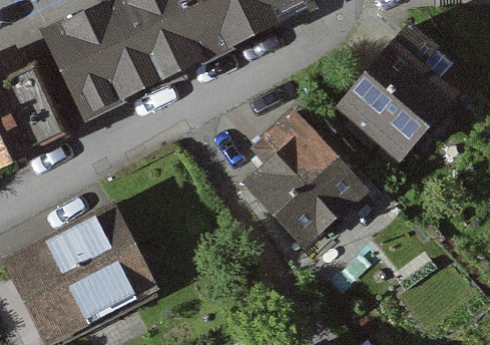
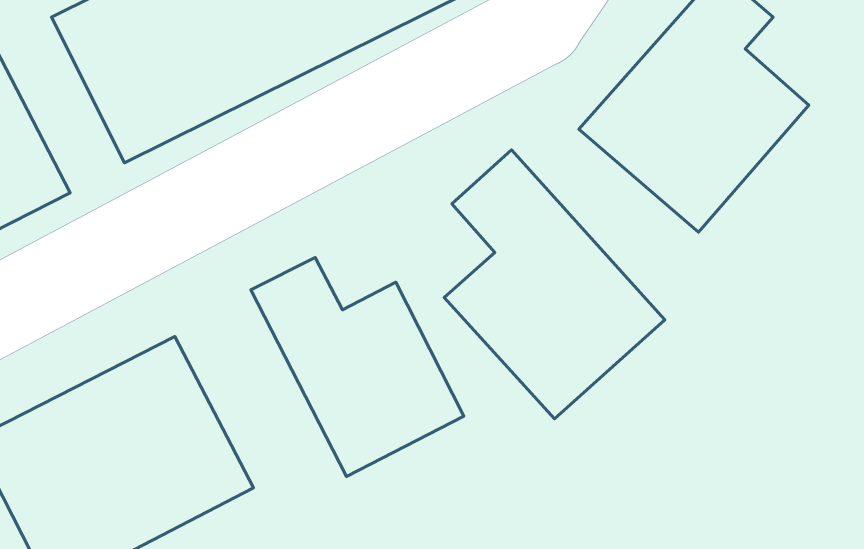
building: none -> [251,257,464,476]

